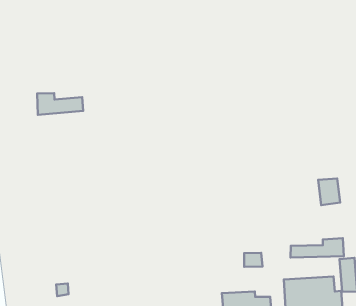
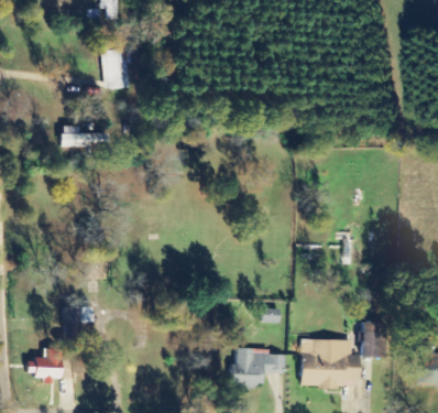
building: none -> [107,47,134,88]
building: [291,238,344,258] -> none

